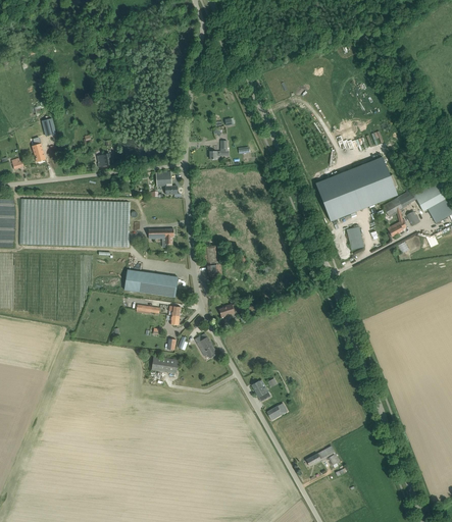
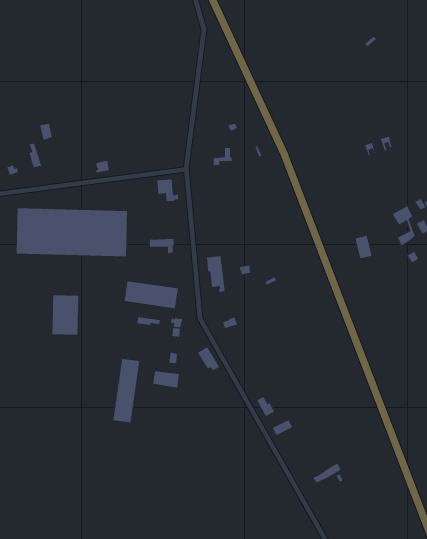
building: [315,157,398,222] -> none
building: none -> [51,294,79,335]
building: none -> [113,358,140,423]

